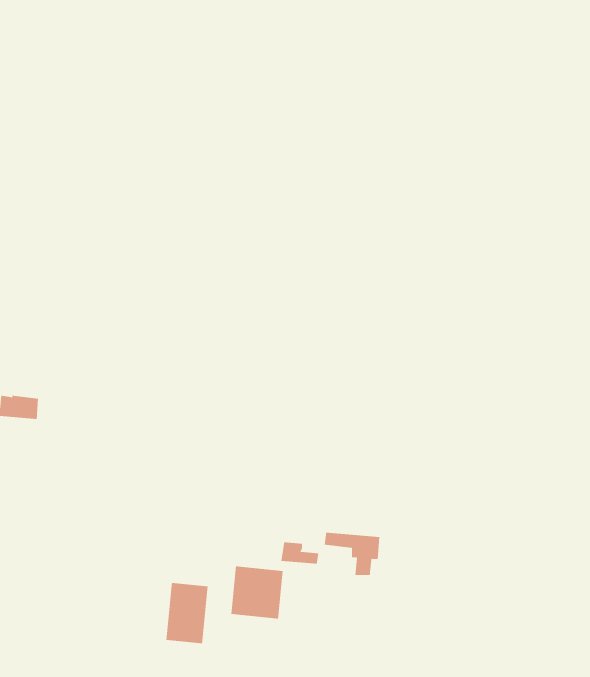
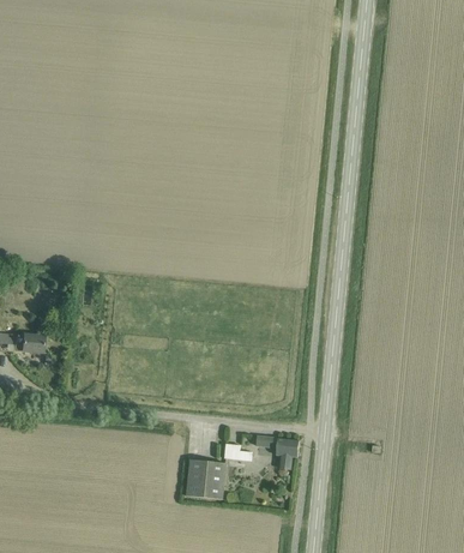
building: [166,582,208,644] -> none

